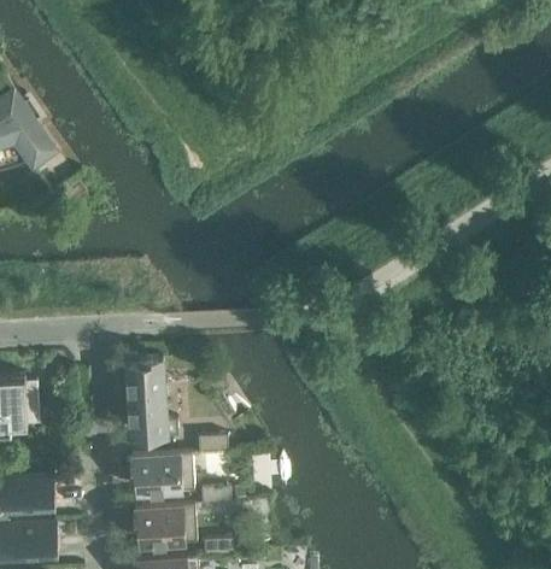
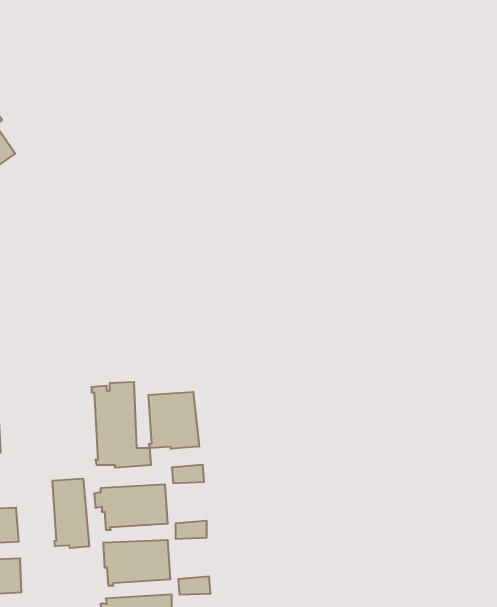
building: none -> [149,392,199,449]
building: none -> [53,479,89,548]

